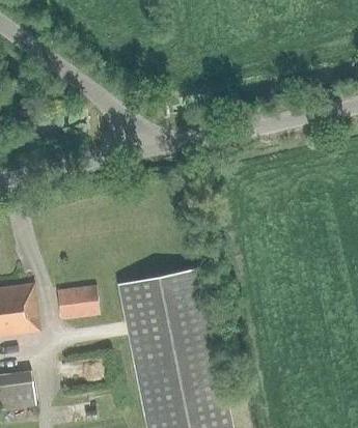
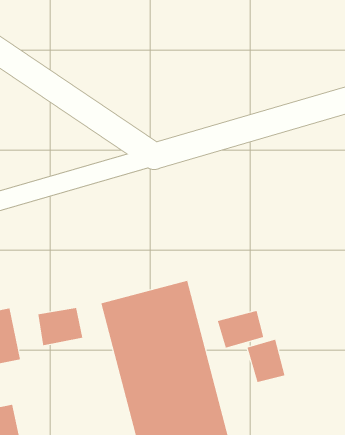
building: none -> [217,310,264,348]
building: none -> [247,339,285,383]

